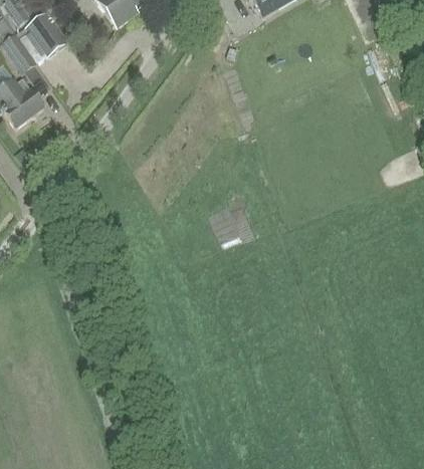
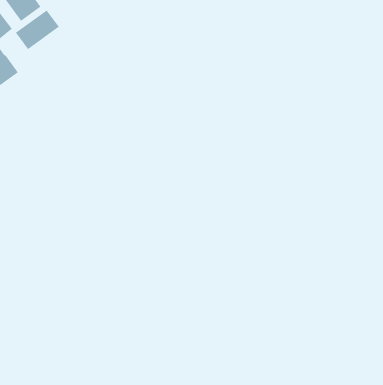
building: none -> [15,9,60,50]

